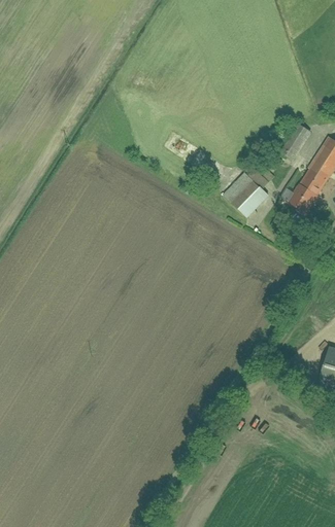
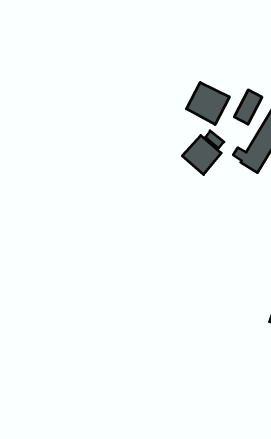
building: none -> [186,82,229,125]

